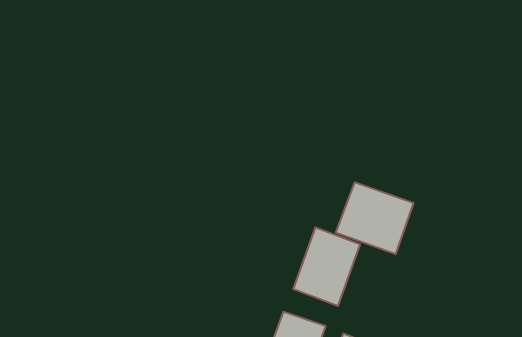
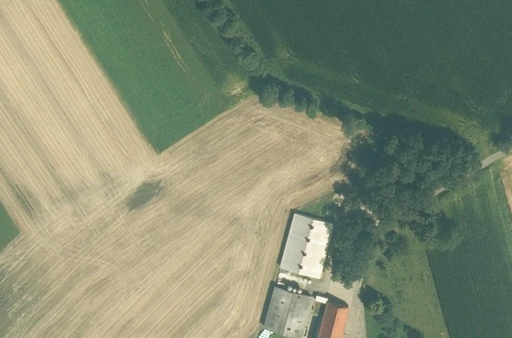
building: [336,182,413,254] -> none

